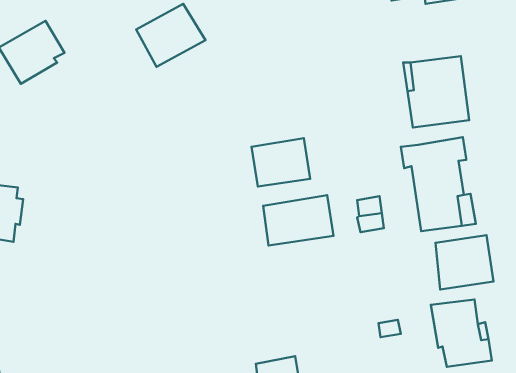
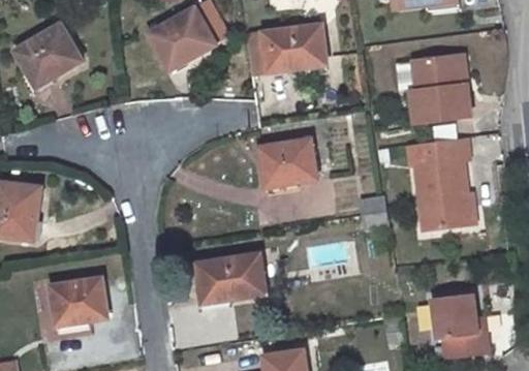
building: none -> [244,25,325,72]
building: [263,195,334,245] -> [196,253,264,302]
building: [435,235,493,290] -> none
building: none -> [49,277,106,326]

